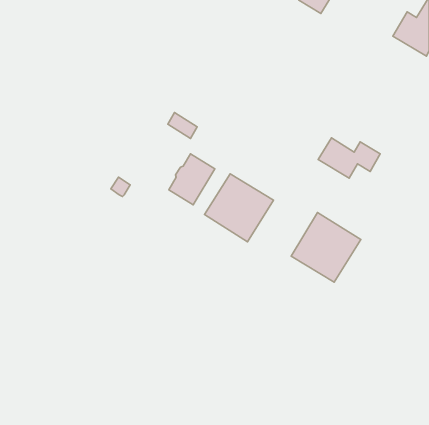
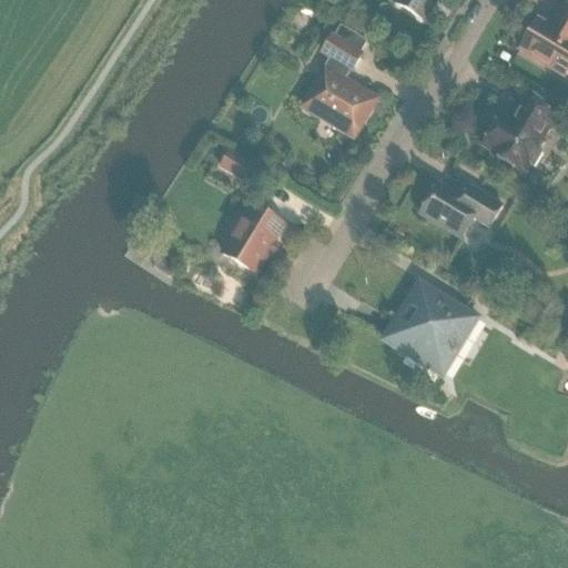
building: none -> [303,22,376,134]
building: none -> [483,98,556,170]
building: [205,174,273,242] -> none

